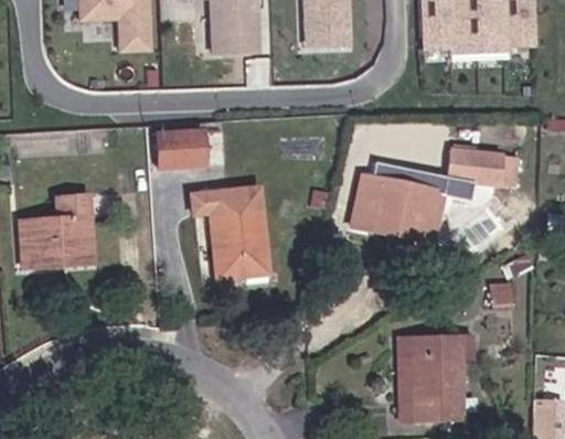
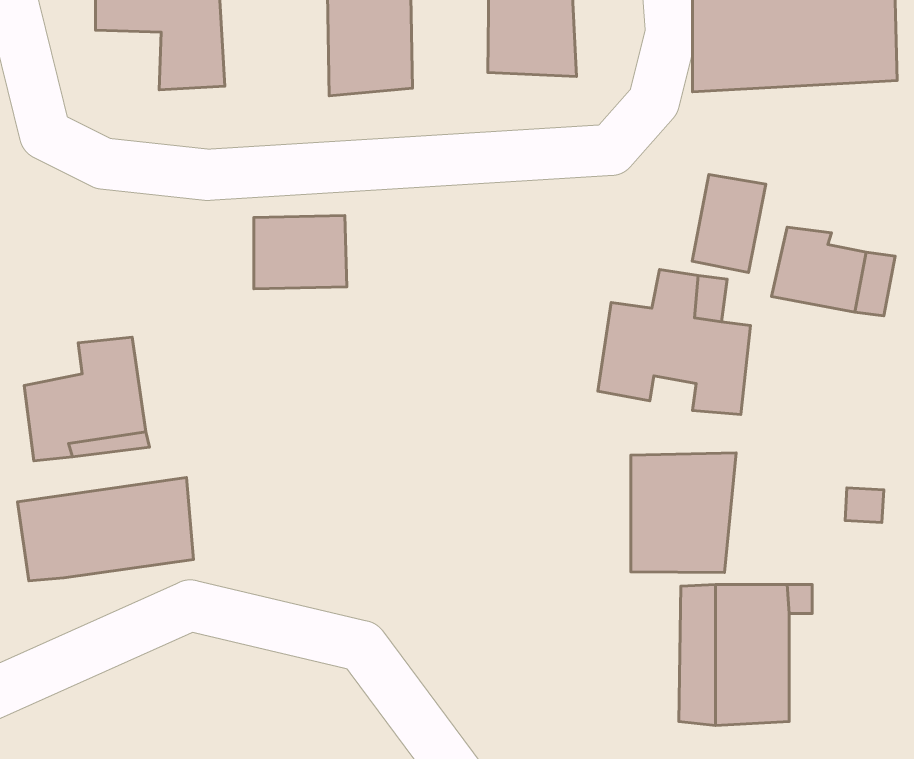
building: none -> [692,175,766,273]
building: [200,189,280,285] -> none
building: none -> [631,453,736,573]
building: none -> [18,478,193,581]

